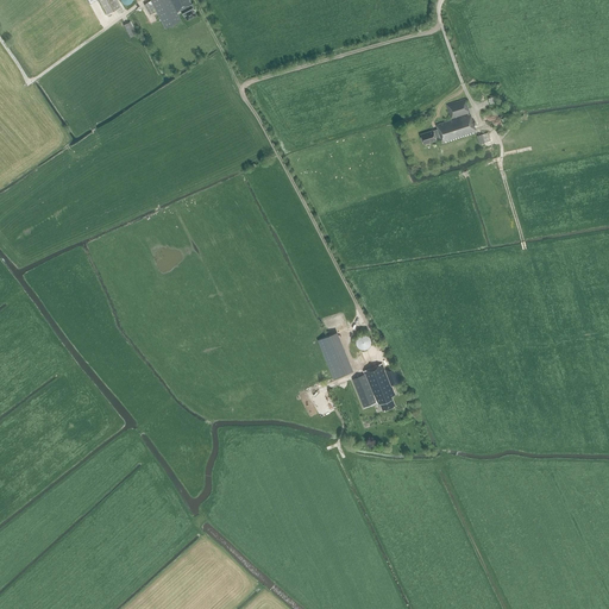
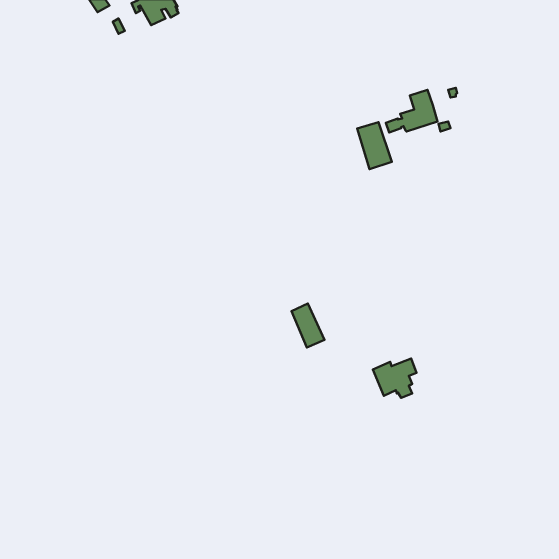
building: none -> [357,122,392,169]
building: [351,366,398,409] -> [373,358,417,398]

